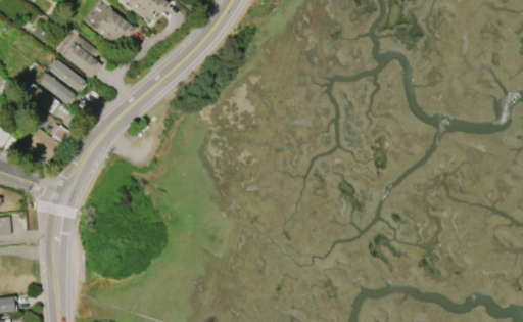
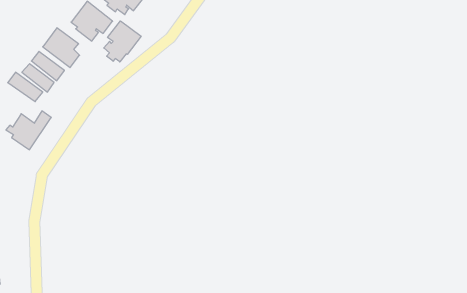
building: none -> [104,21,141,62]

